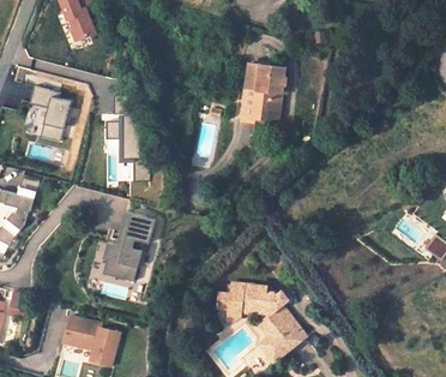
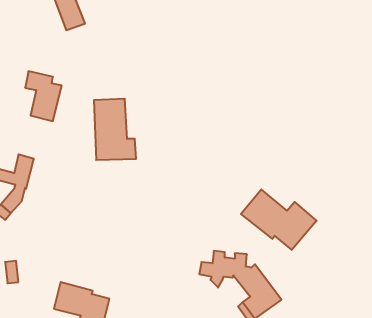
building: [235,60,283,122] -> none
building: none -> [241,189,317,250]
building: [102,216,155,282] -> none

